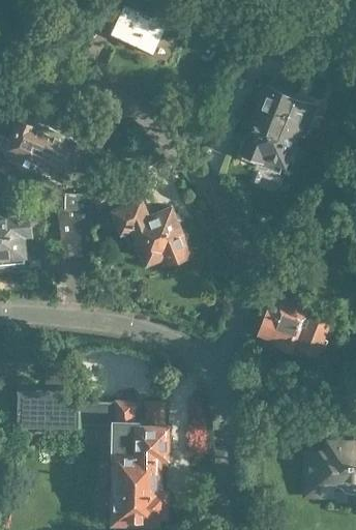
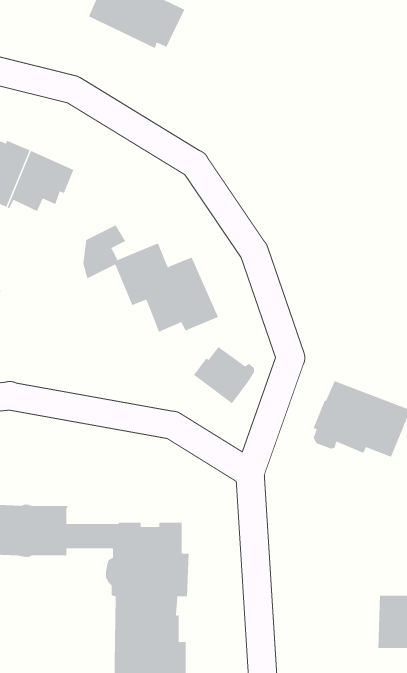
building: [239,72,316,174] -> none
building: [55,195,92,236] -> none
building: none -> [193,346,255,404]

